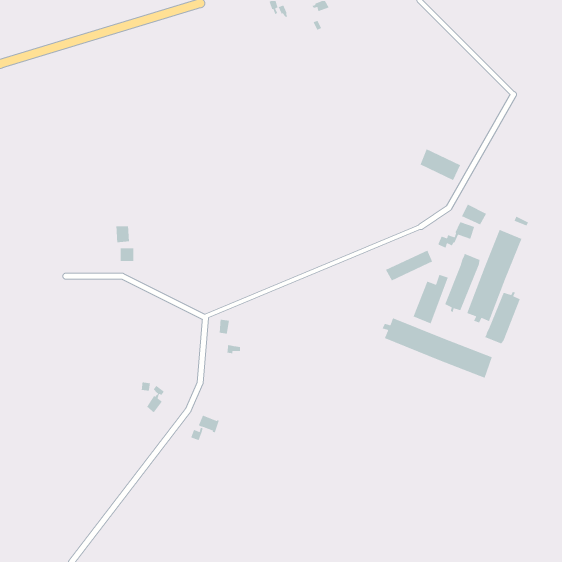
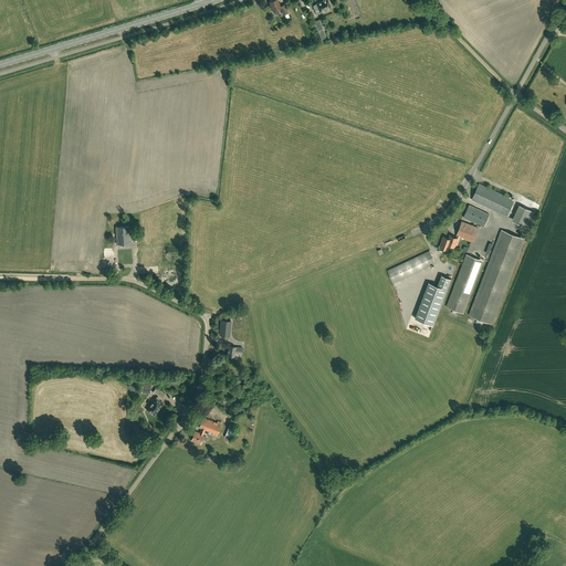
building: [419,148,461,181] -> [472,184,514,217]
building: [484,291,521,345] -> none
building: [382,317,493,379] -> none

